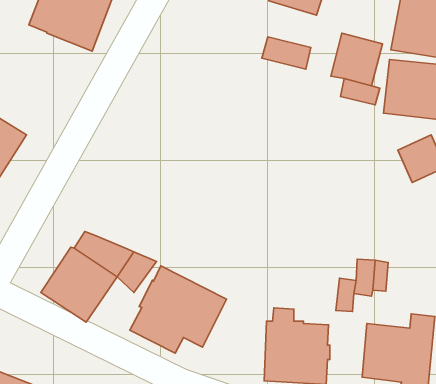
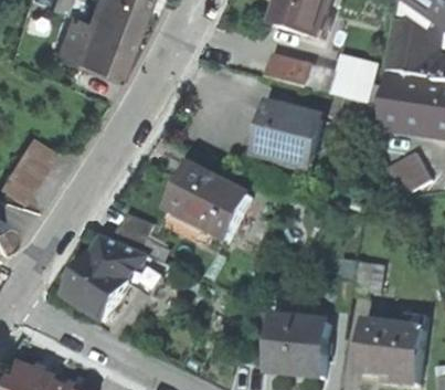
building: none -> [258,104,322,165]
building: none -> [113,212,153,252]
building: [130,266,226,353] -> [162,165,252,245]

